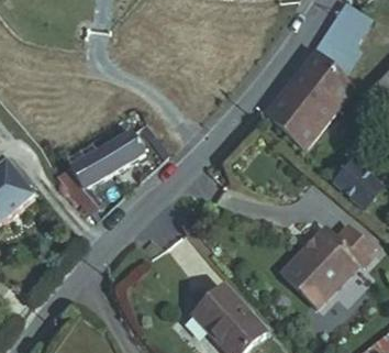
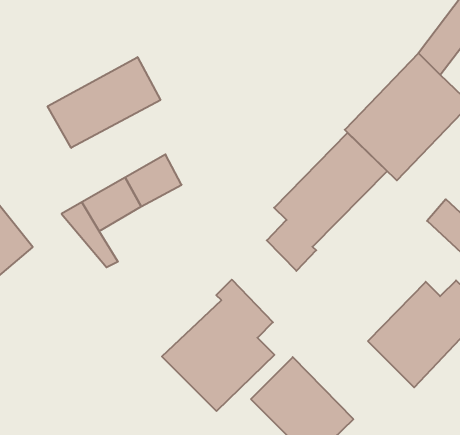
building: none -> [48,57,160,148]
building: none -> [267,133,387,271]
building: none -> [162,280,274,411]

